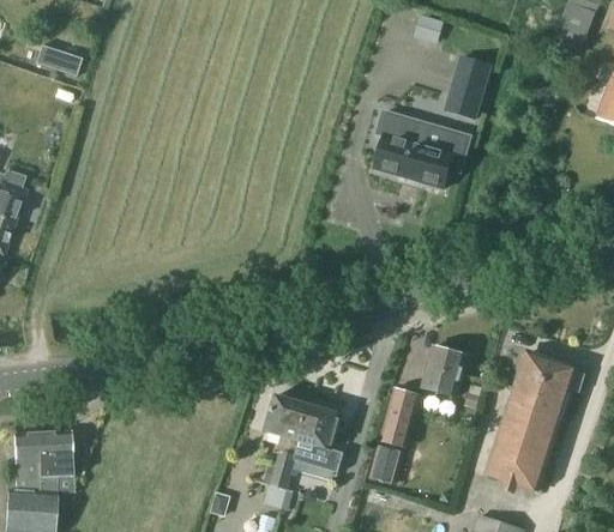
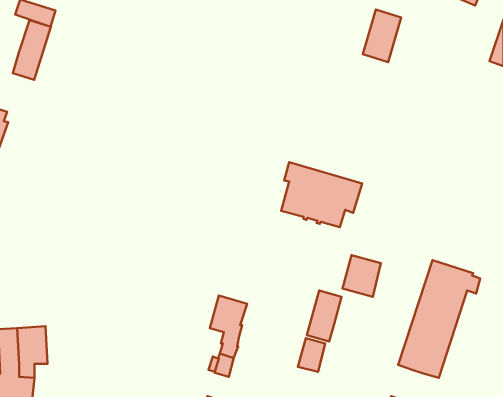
building: none -> [13,20,51,80]
building: [374,111,470,188] -> [281,162,362,227]
building: [295,404,343,472] -> none

